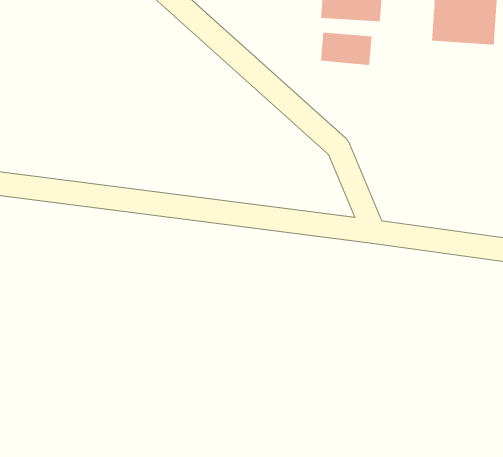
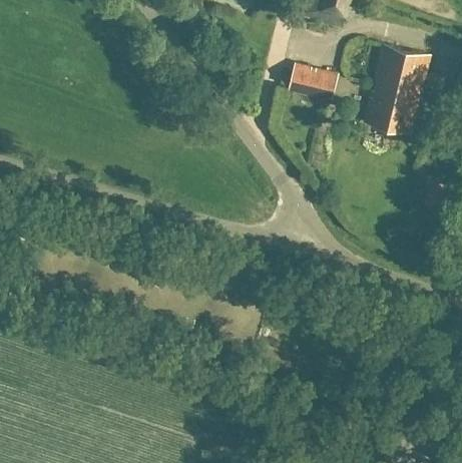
building: [320,32,372,66] -> none

